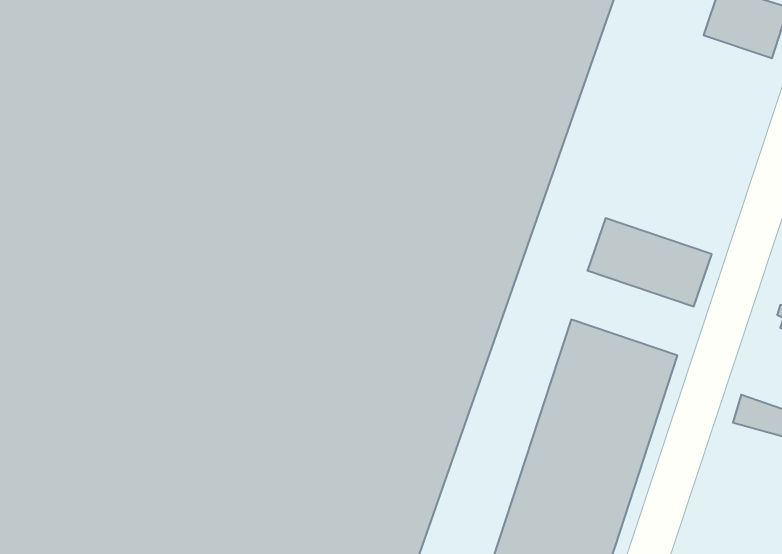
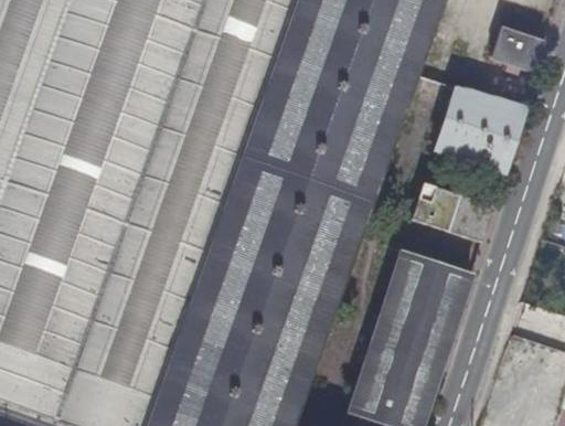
building: none -> [434,84,526,172]

